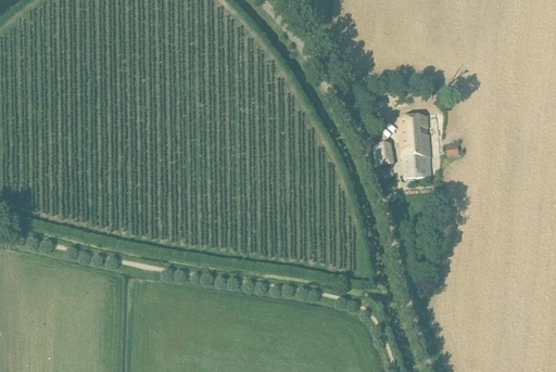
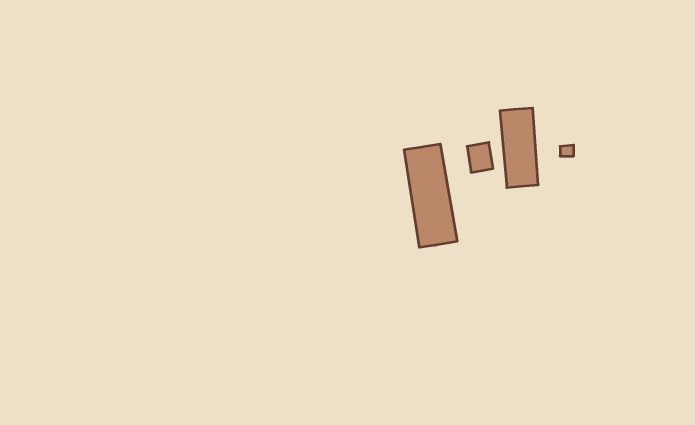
building: none -> [404,144,457,247]

